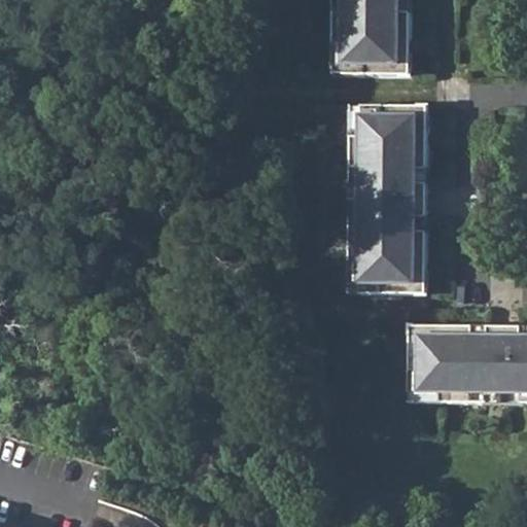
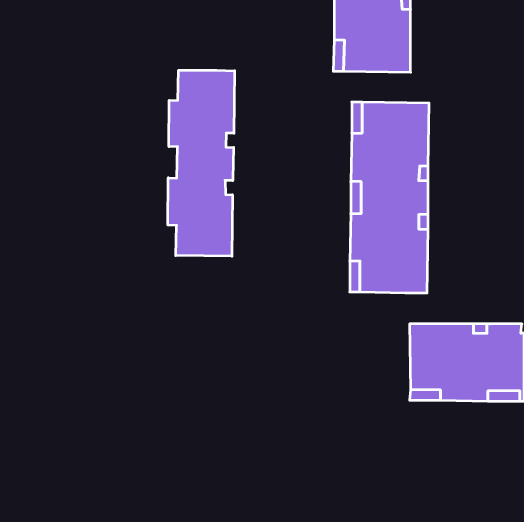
building: none -> [168,70,235,256]

